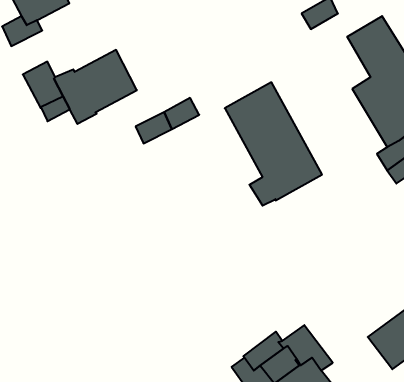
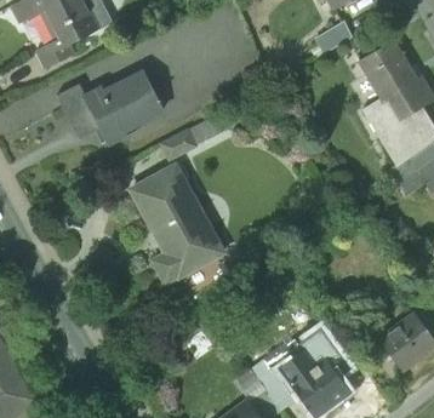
building: [225,82,322,206] -> [131,166,222,281]

